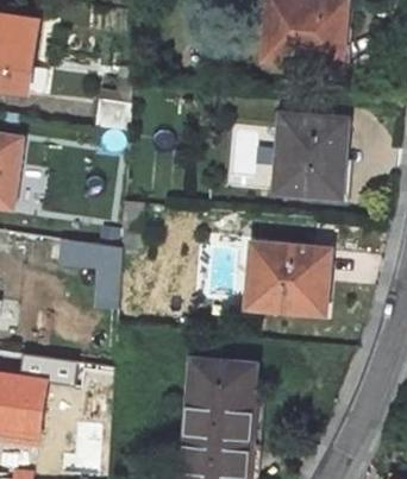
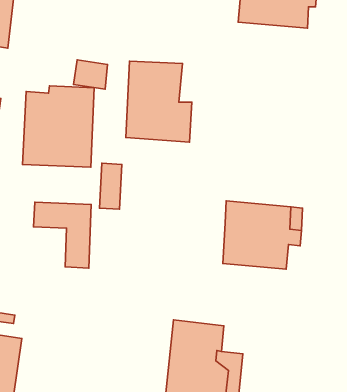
building: [278,113,345,195] -> [126,61,192,142]
building: none -> [23,86,94,167]

